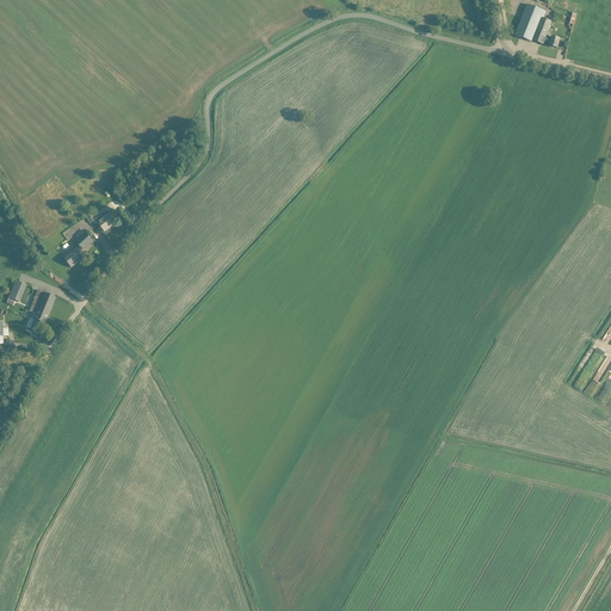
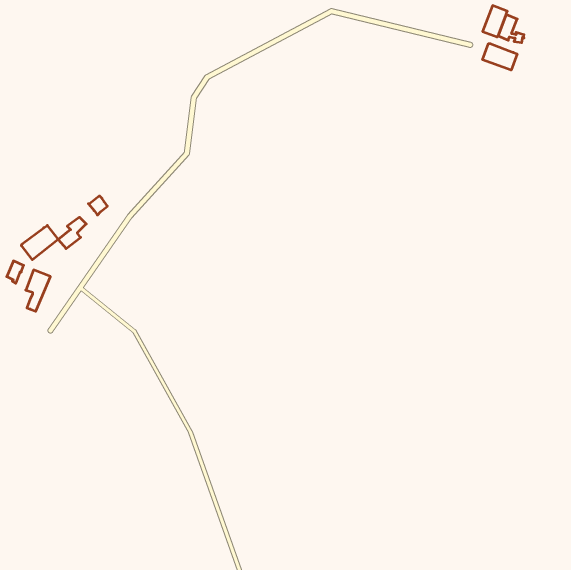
building: none -> [483,44,517,70]
building: none -> [21,225,58,260]

